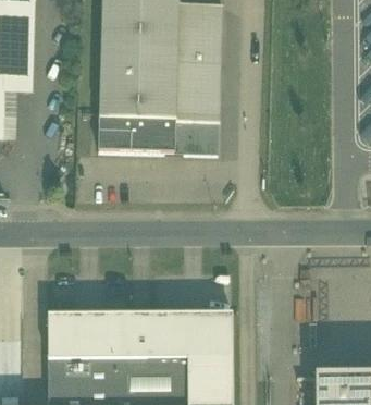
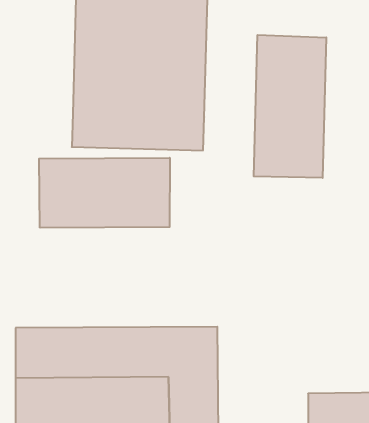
building: none -> [254,35,326,178]
building: none -> [39,158,170,228]

